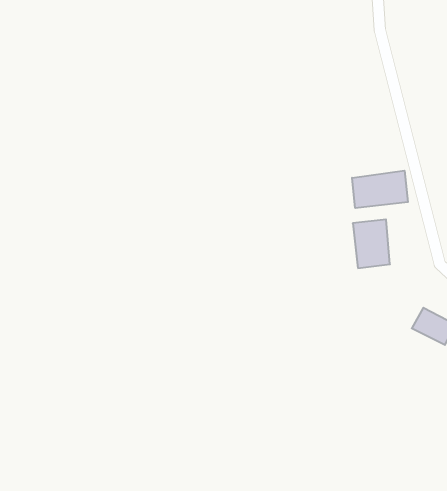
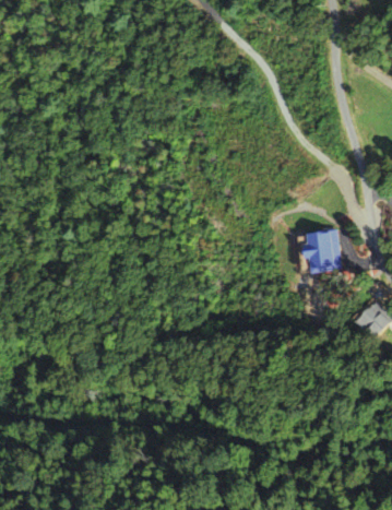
building: [352,171,408,208] -> none

